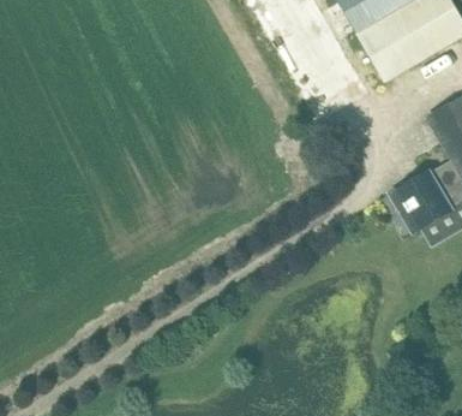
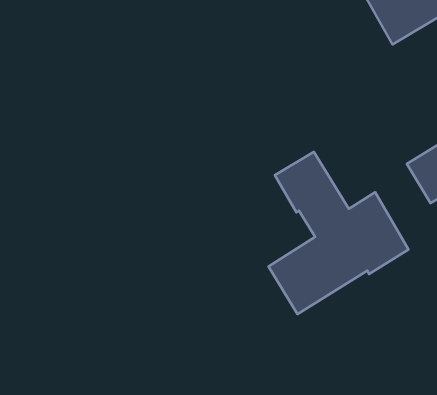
building: none -> [268,152,408,314]

